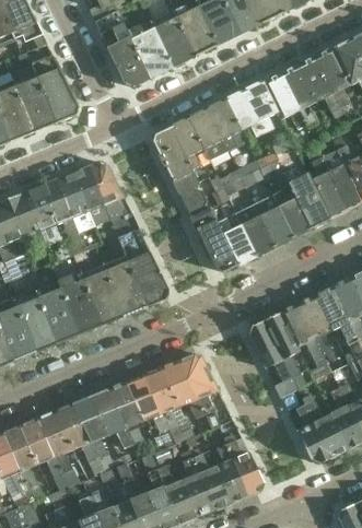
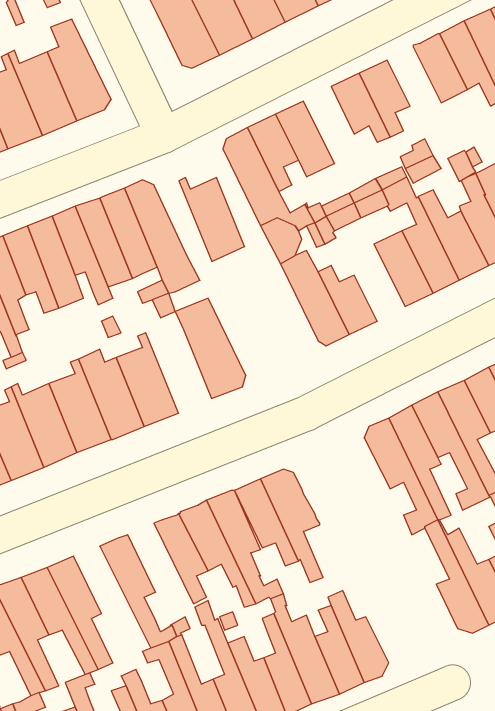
building: [262,72,305,129] -> none
building: [207,98,246,150] -> none
building: [235,203,275,255] -> none
building: [102,260,145,316] -> [179,178,245,261]
building: [90,389,133,447] -> none
building: [54,404,105,476] -> none

